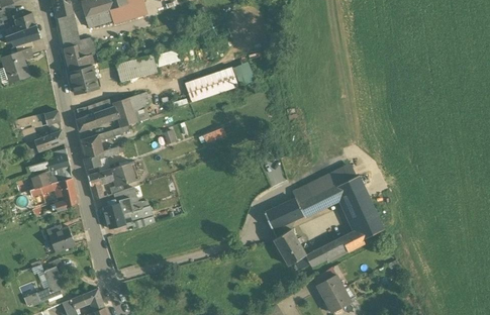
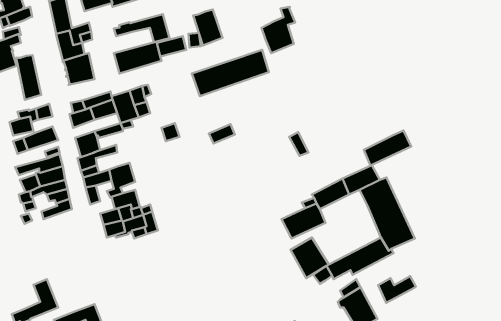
building: none -> [262,7,295,53]
building: none -> [193,9,223,46]
building: none -> [114,14,170,42]
building: none -> [16,55,41,100]
building: [299,187,341,218] -> [364,131,411,166]
building: [46,226,76,252] -> none
building: none -> [378,276,416,303]

